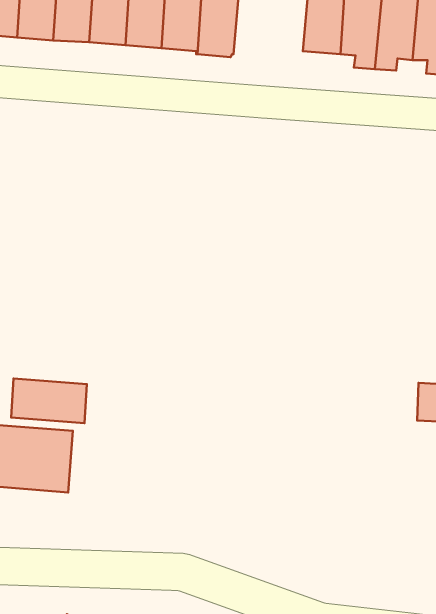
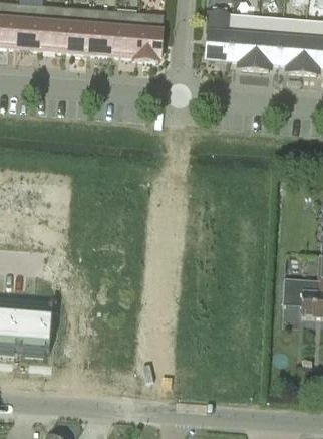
building: [11,378,87,423] -> none

